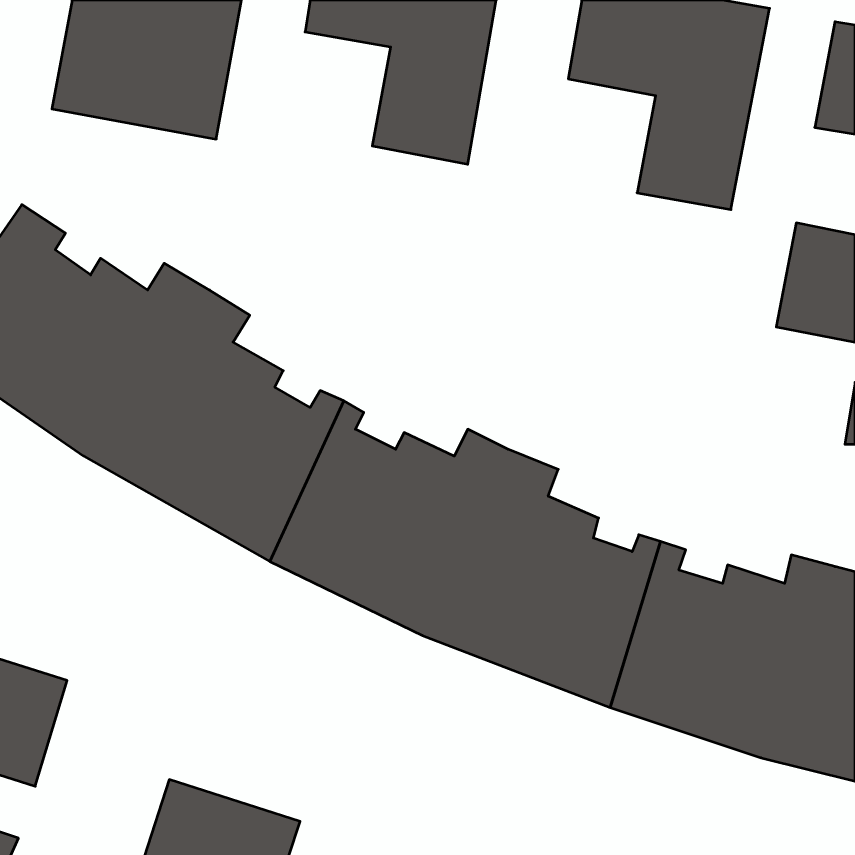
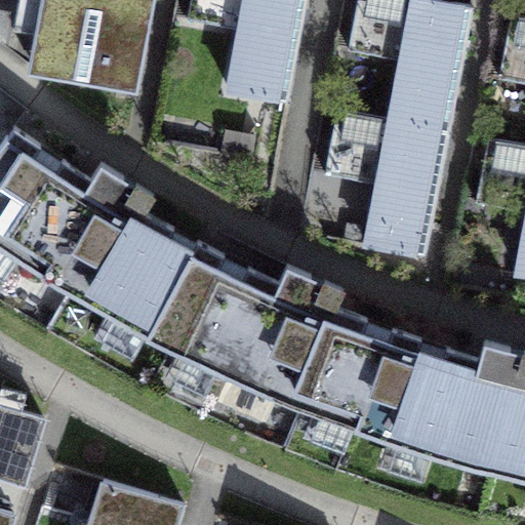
building: none -> [324,109,447,256]

